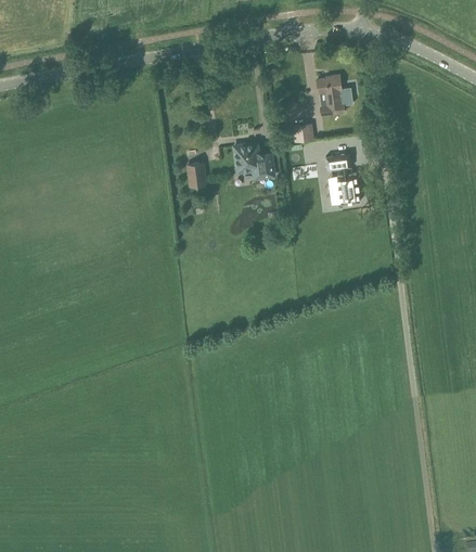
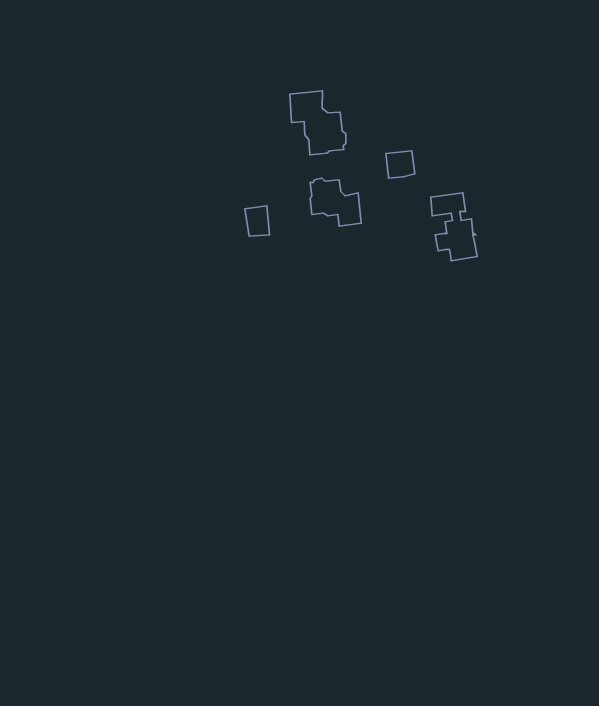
building: [317,75,352,116] -> none
building: none -> [290,91,346,155]

